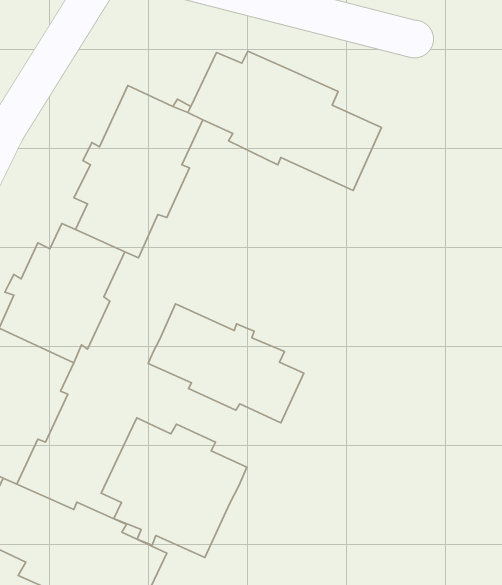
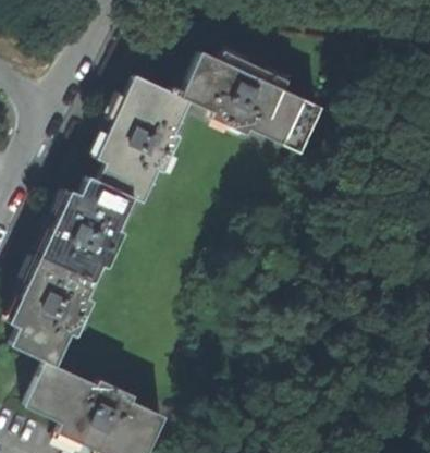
building: [148,304,304,423] -> none
building: [101,418,247,558] -> none

